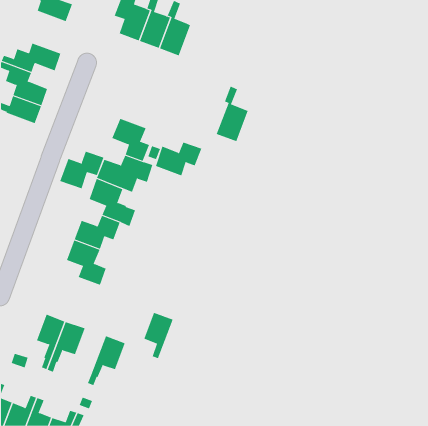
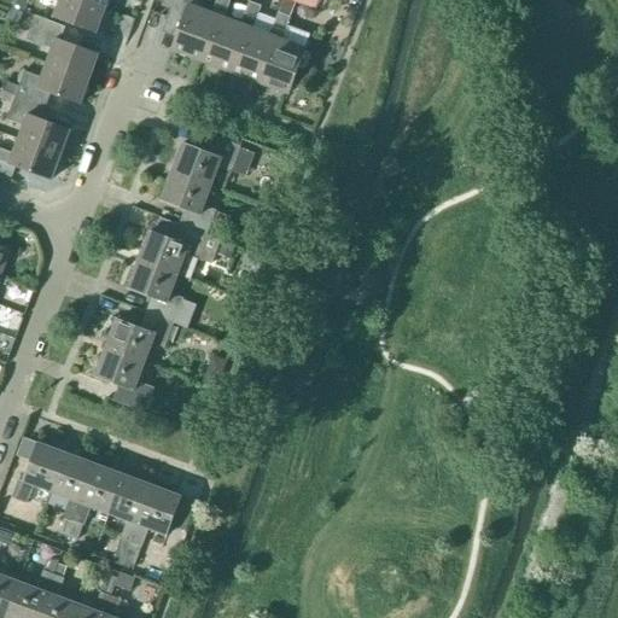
building: none -> [27,14,98,77]
building: [216,86,249,142] -> [258,11,305,92]
building: [155,142,202,176] -> [173,135,240,185]
building: [60,151,104,189] -> none
building: none -> [16,442,66,502]
building: [143,312,174,359] -> [109,473,152,541]

